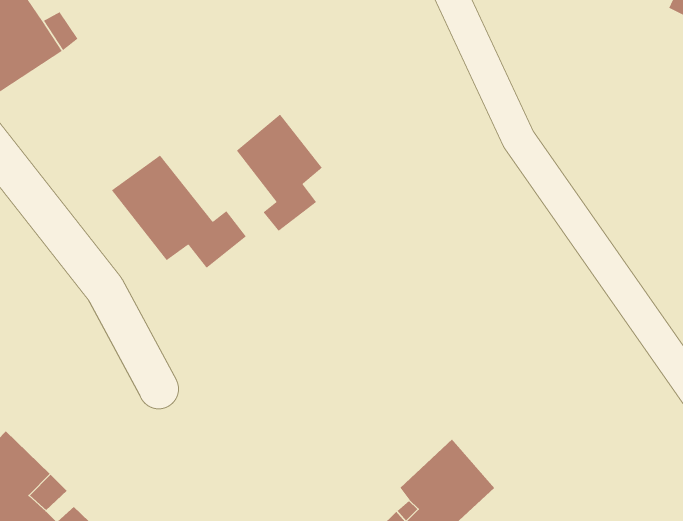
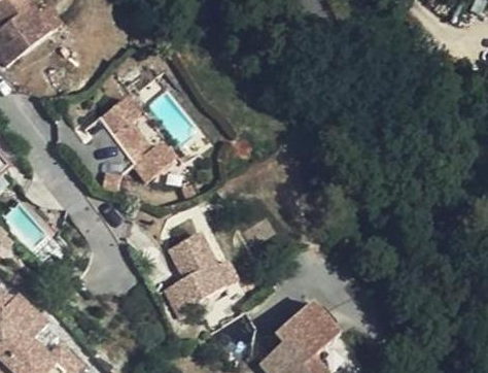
building: [236,113,323,232] -> none
building: none -> [171,232,234,312]

